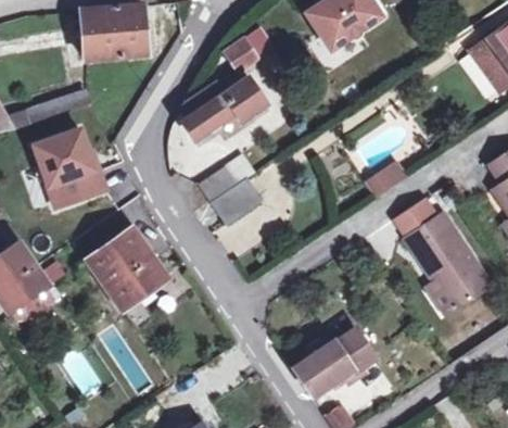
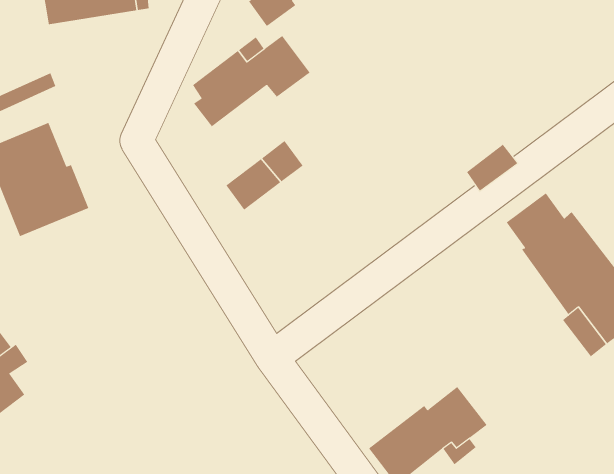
building: [215,176,268,224] -> none
building: [91,226,169,305] -> none

